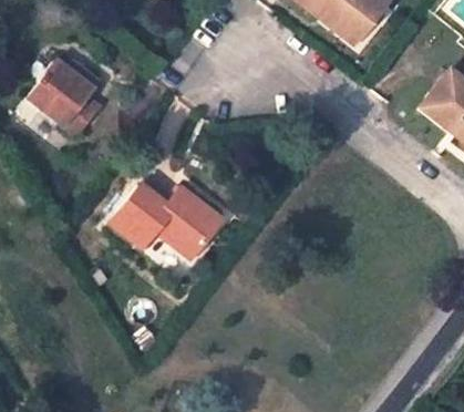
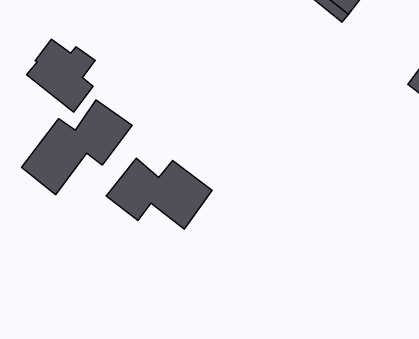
building: none -> [22,100,132,195]

